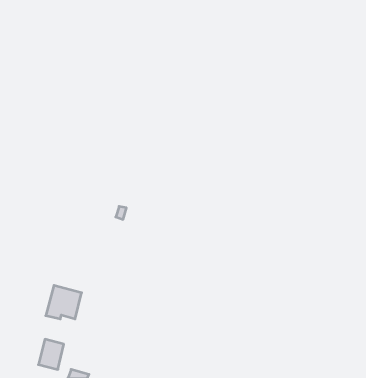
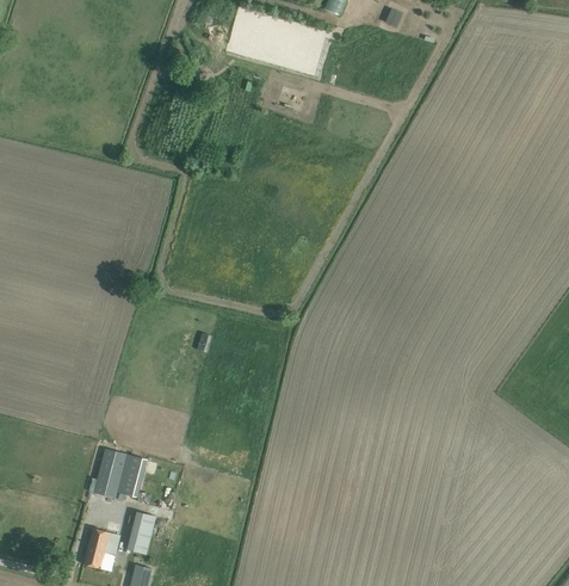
building: none -> [126,512,154,559]

